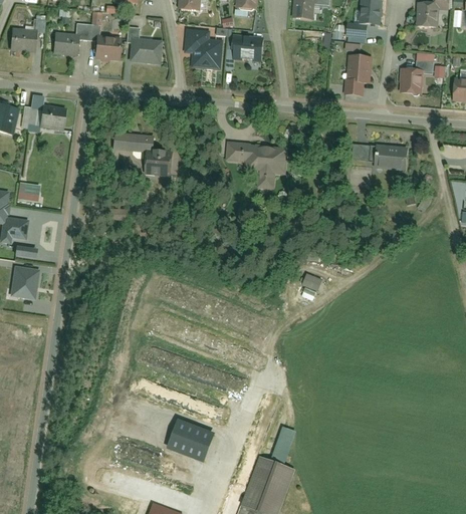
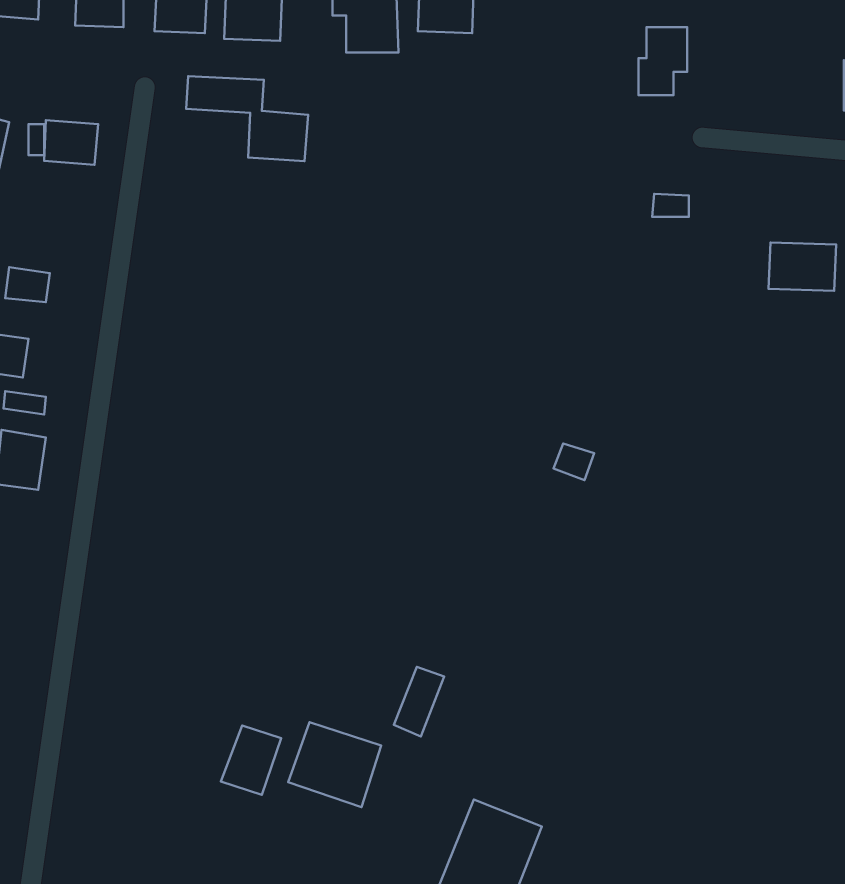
building: [400,58,433,93] -> none
building: [111,131,175,175] -> [186,76,308,161]
building: [228,142,289,191] -> none
building: [374,143,409,168] -> [768,243,836,291]
building: none -> [221,725,281,795]
building: [271,427,297,463] -> [394,667,444,736]

